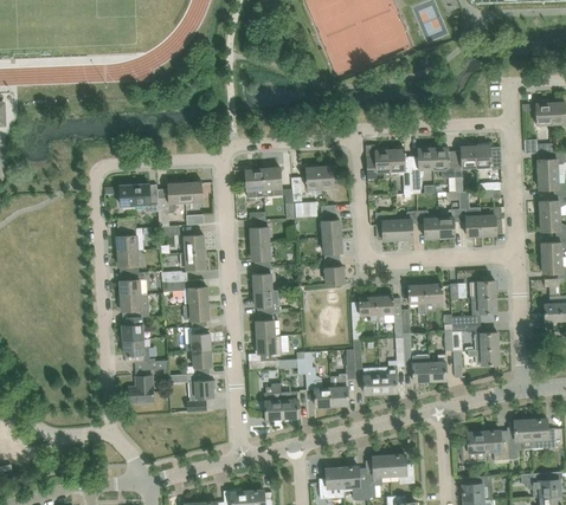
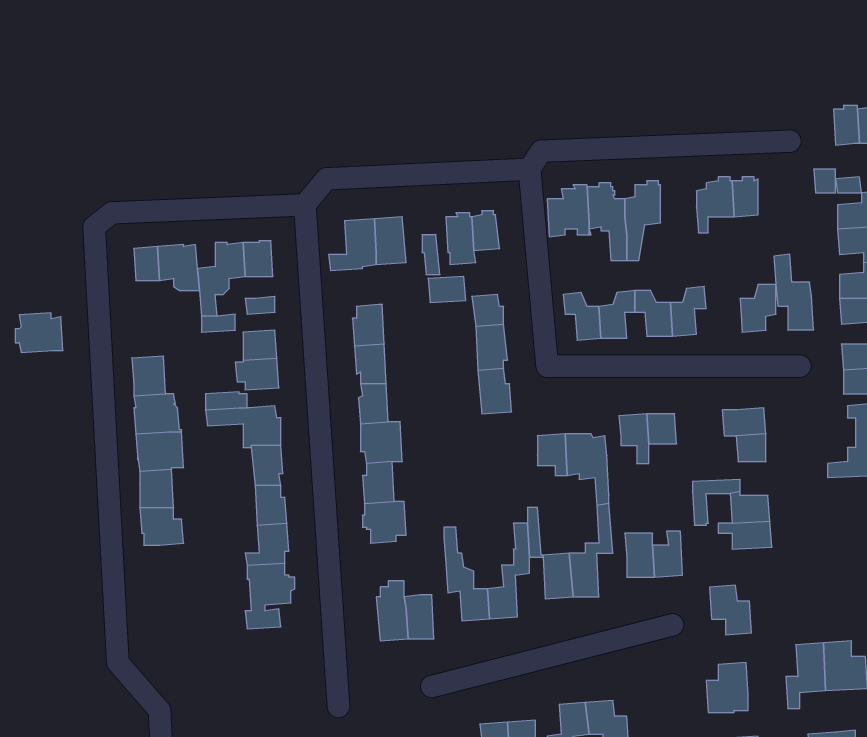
building: [432,144,455,176] -> none
building: [457,190,481,235] -> [774,254,814,330]
building: [114,227,142,251] -> [15,313,63,353]
building: [128,360,167,402] -> none
building: [483,430,508,460] -> [710,585,751,635]

